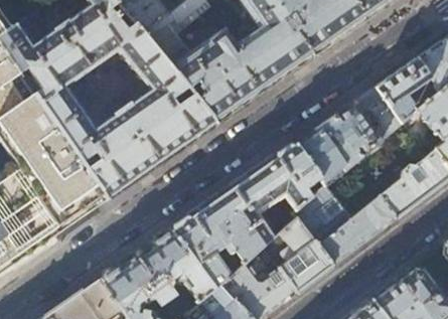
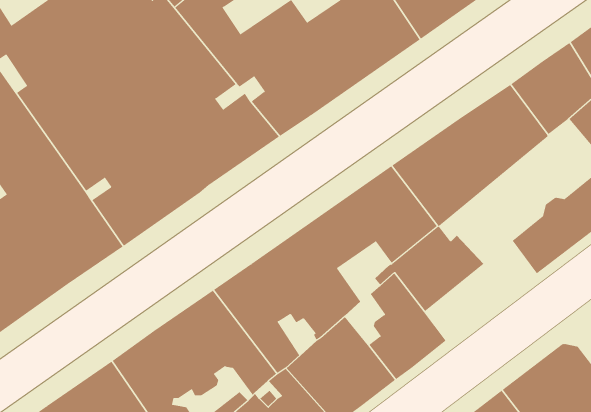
building: [316,196,394,266] -> none

